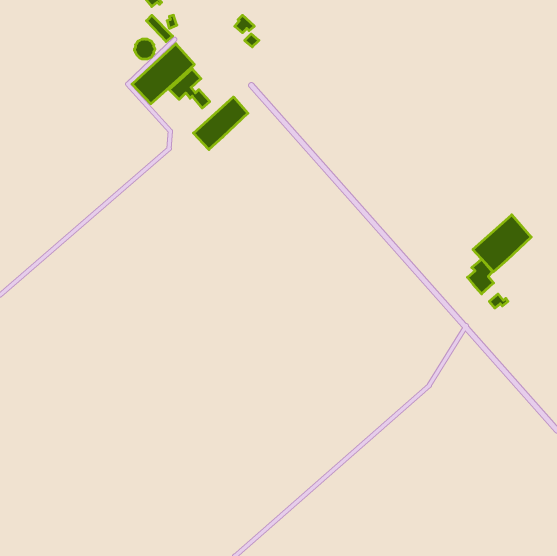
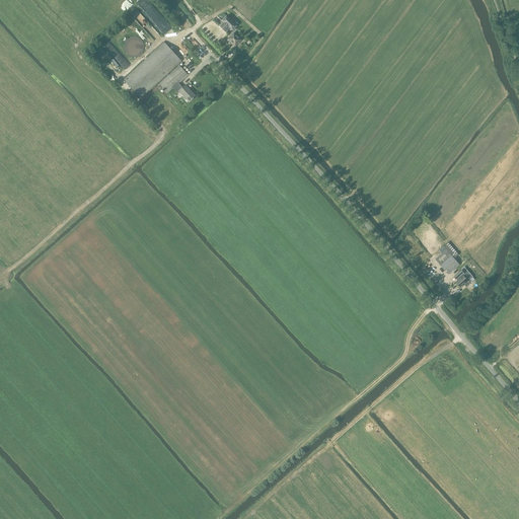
building: [193,97,248,150] -> none
building: [473,215,531,272] -> none

